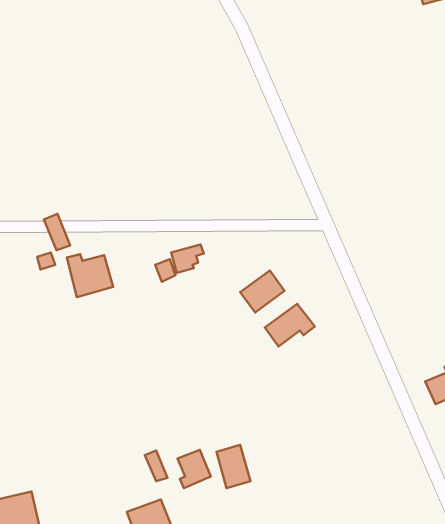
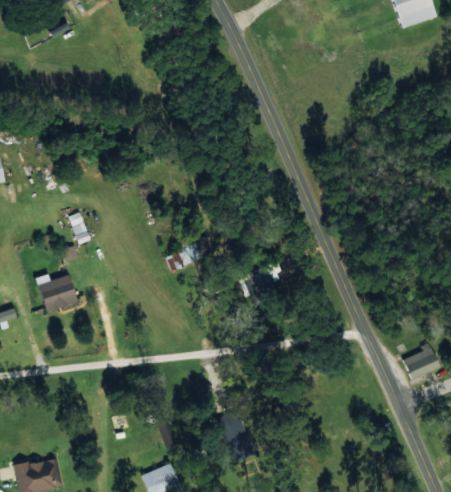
building: [67,254,113,297] -> [36,274,77,312]
building: [265,304,315,347] -> none
building: [178,450,211,488] -> none

